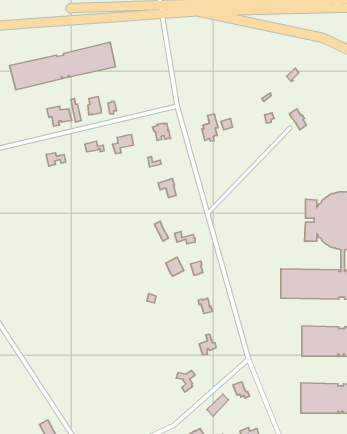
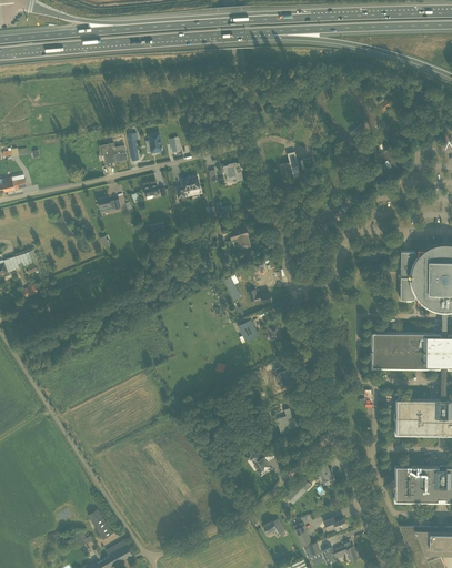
building: [10,42,115,90] -> none

